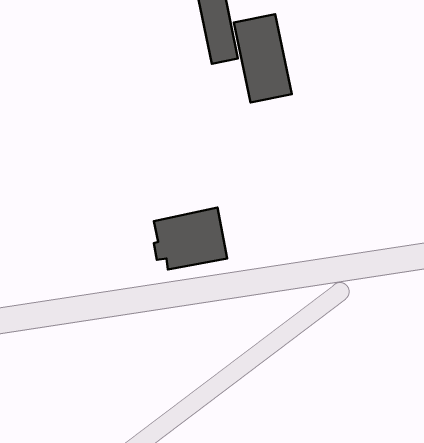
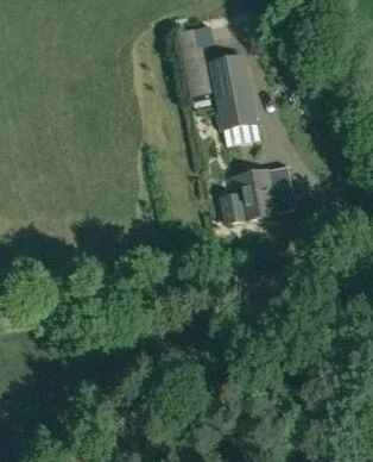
building: [154,207,227,270] -> [232,164,295,218]

